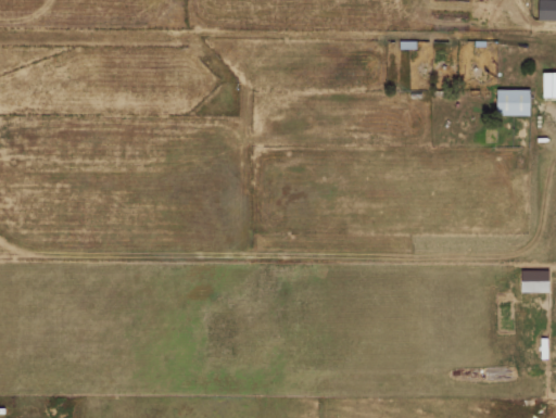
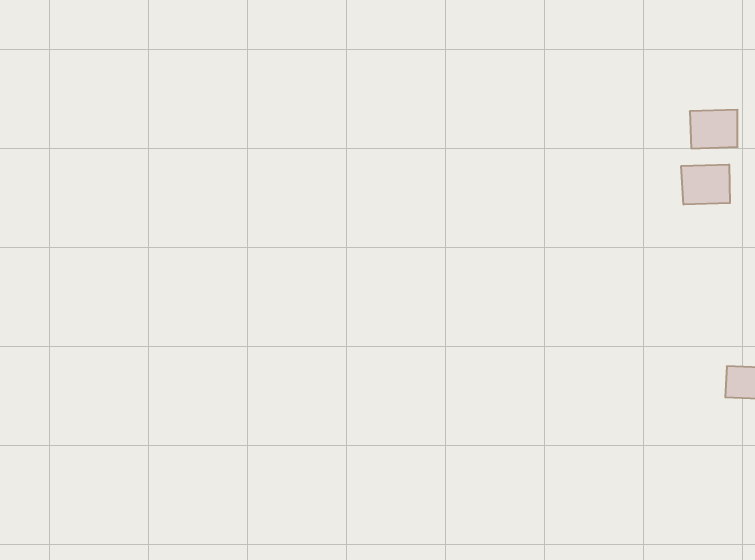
building: none -> [681,164,730,205]

